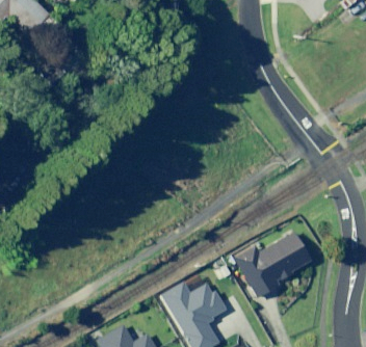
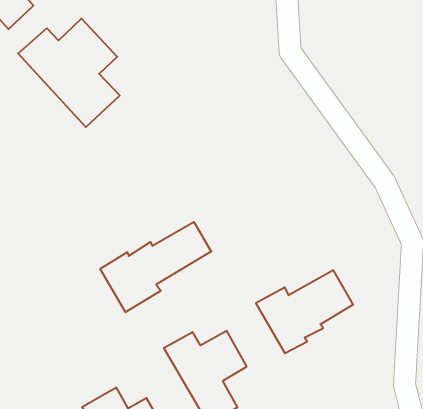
building: none -> [18,18,120,127]
building: none -> [100,222,211,312]

